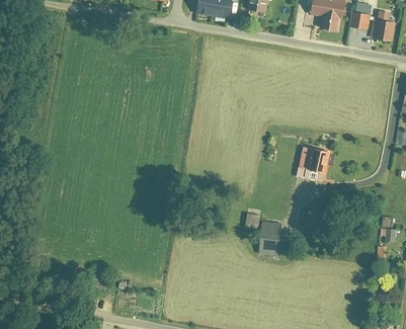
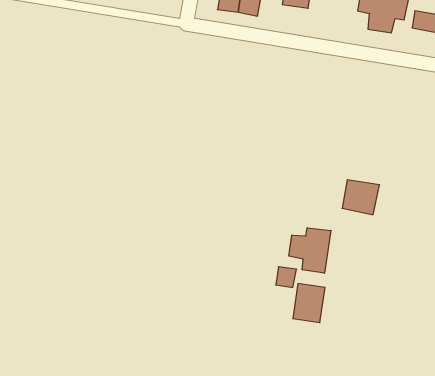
building: none -> [289,228,331,273]

